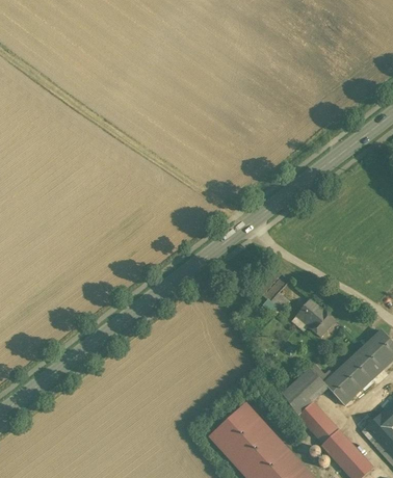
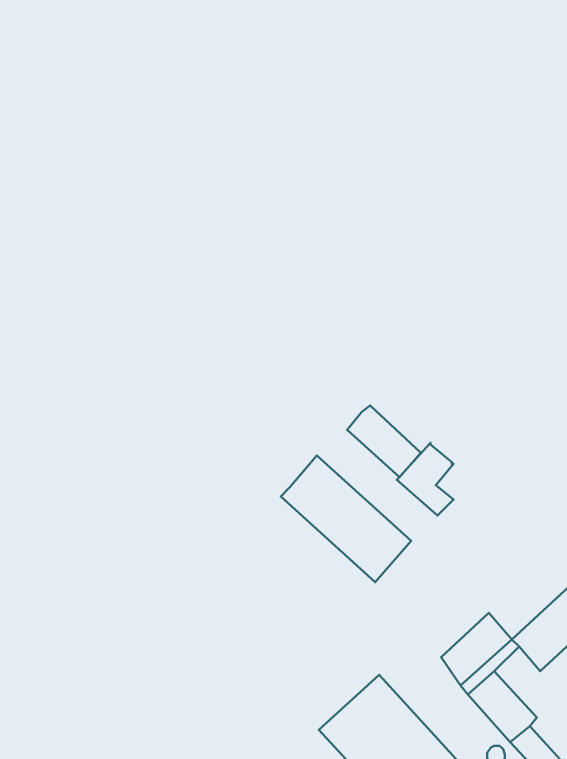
building: none -> [347,406,421,477]
building: none -> [281,455,411,582]
building: [294,298,337,337] -> none

